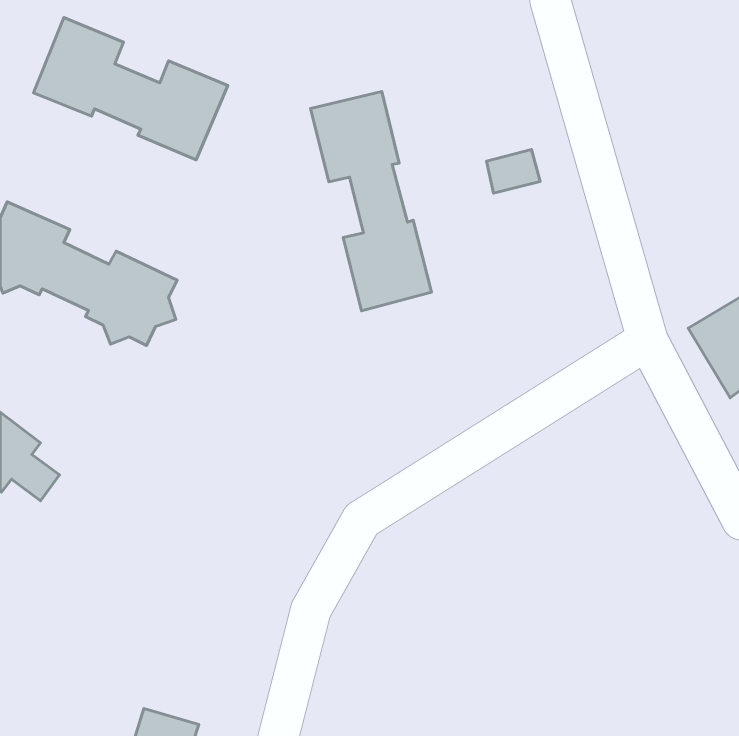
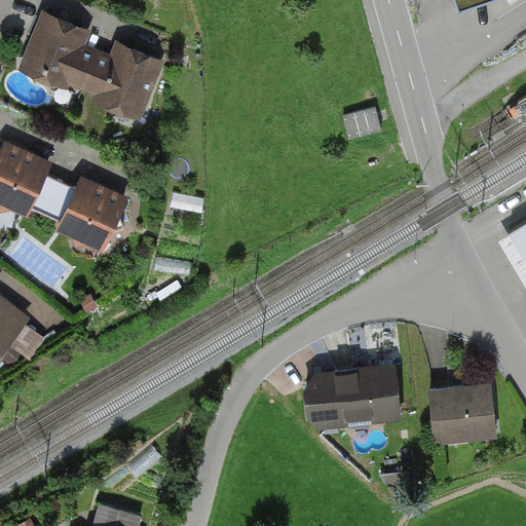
building: [311,92,431,311] -> none
building: none -> [294,368,392,419]
building: none -> [420,384,493,438]

